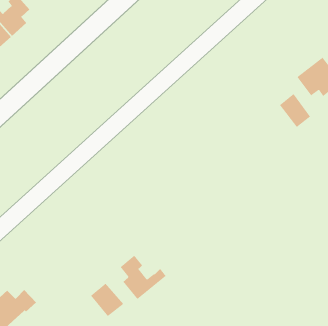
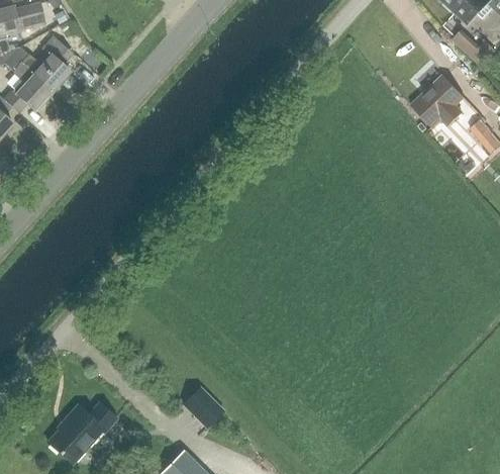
building: [279,93,311,128] -> none
building: [120,255,166,300] -> none

